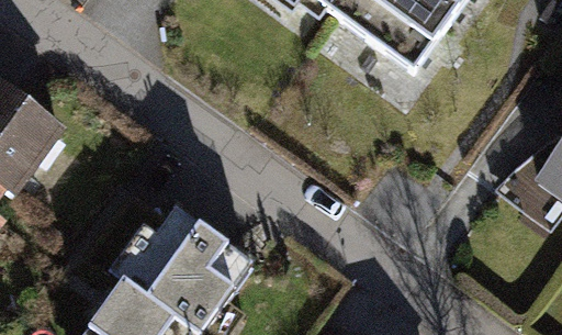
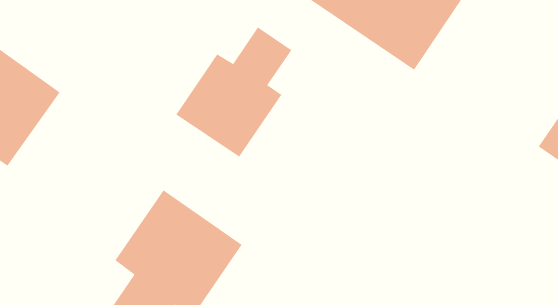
building: none -> [176,27,292,158]

